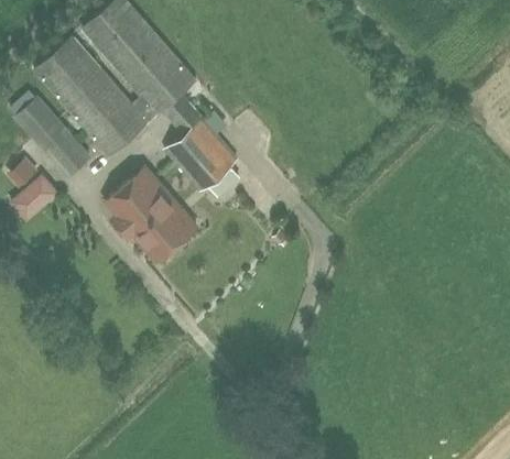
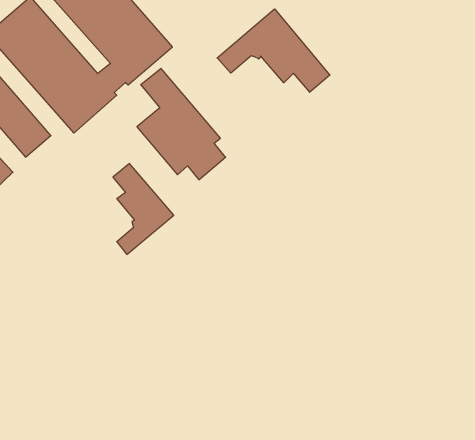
building: none -> [217,9,330,92]
building: [106,167,163,251] -> none

